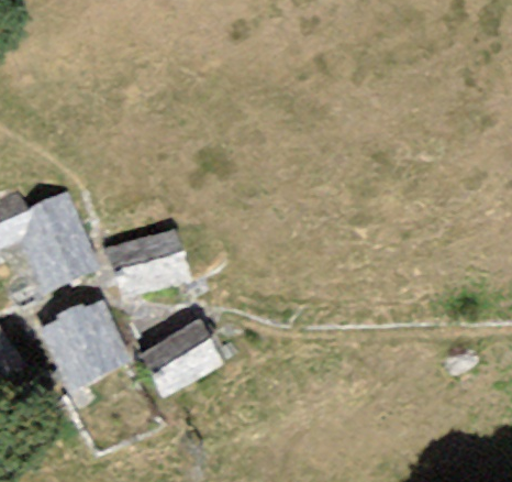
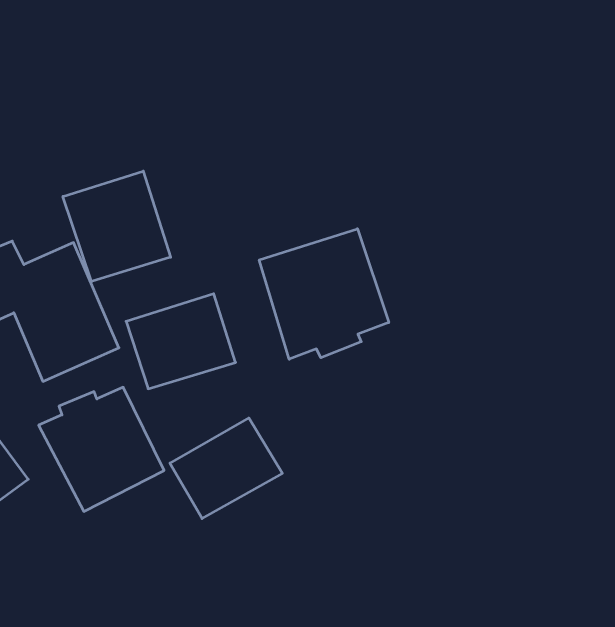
building: none -> [63,171,171,282]
building: none -> [259,229,389,359]

